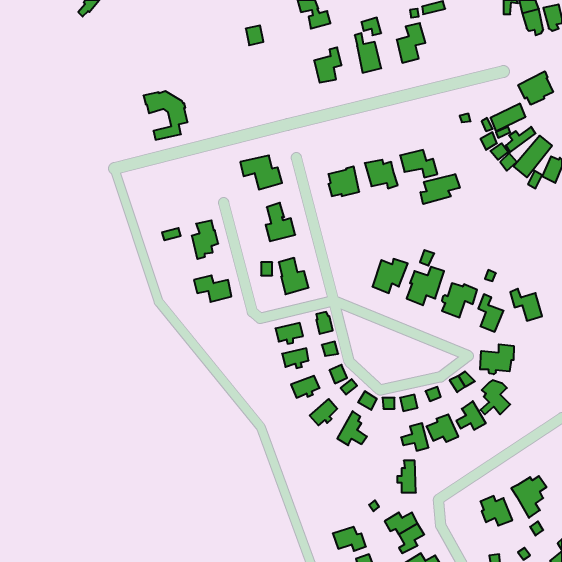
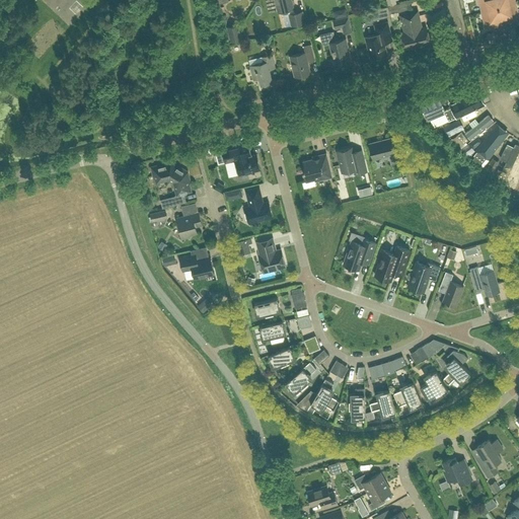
building: none -> [398,11,430,51]
building: none -> [248,55,274,85]
building: [518,71,553,105] -> none
building: [143,91,188,140] -> [150,163,191,208]
building: [421,174,460,204] -> none
building: [480,344,514,374] -> none
building: [397,461,416,493] -> [348,388,365,418]

